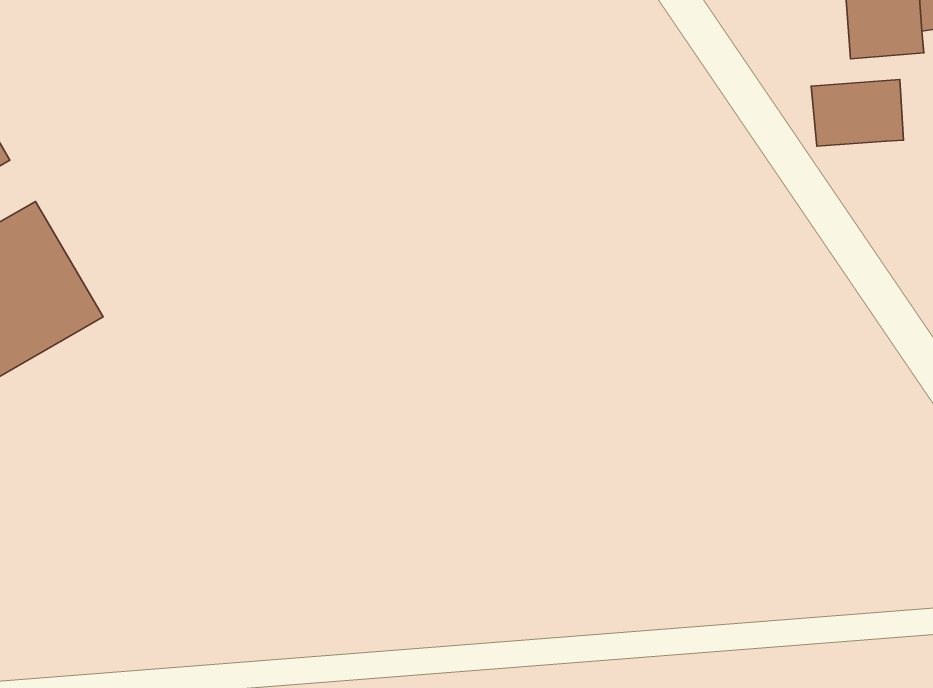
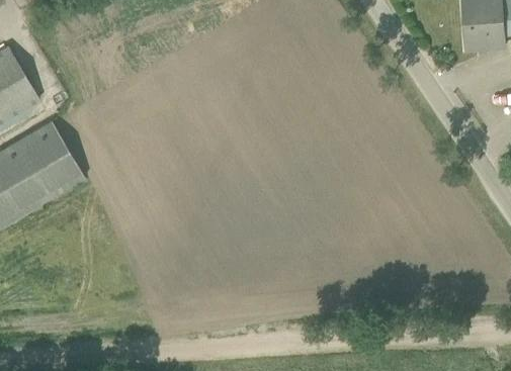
building: [811,80,904,146] -> none

